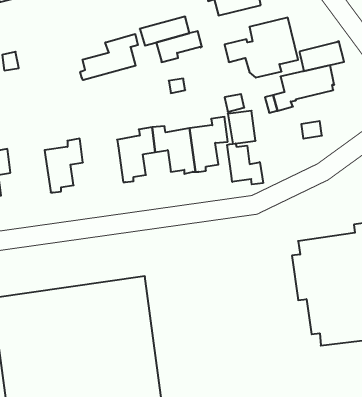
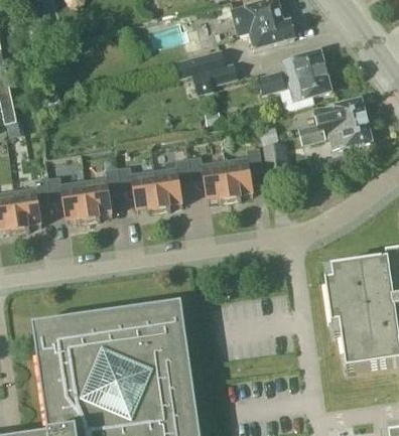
building: [80,34,138,80] -> none
building: [300,41,344,71] -> [328,120,372,149]
building: none -> [118,166,160,212]
building: [227,143,263,184] -> none
building: none -> [47,176,90,223]

